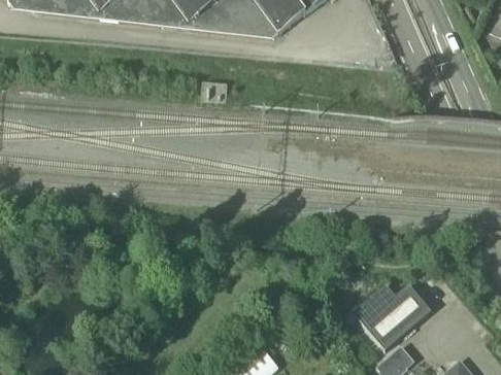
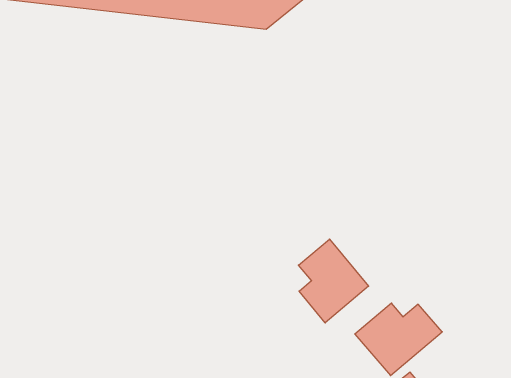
building: none -> [298,239,369,323]

